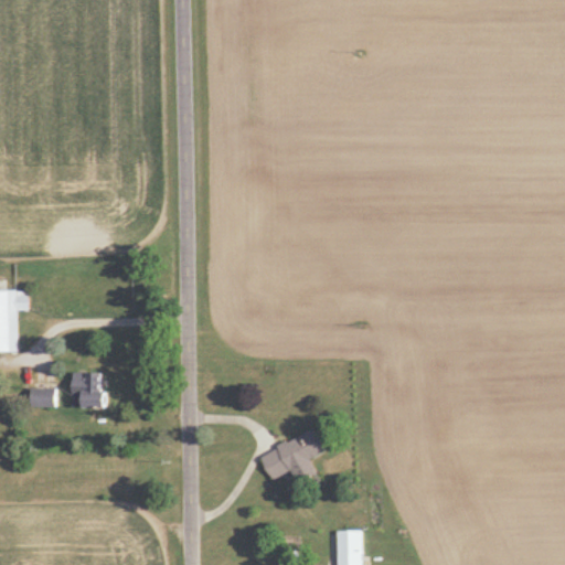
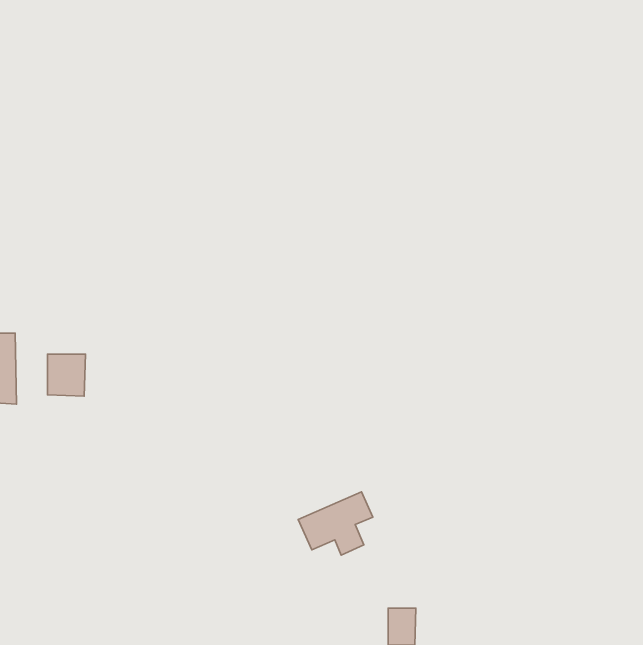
building: [73,373,106,409] -> [47,354,85,396]
building: [31,387,55,406] -> none

